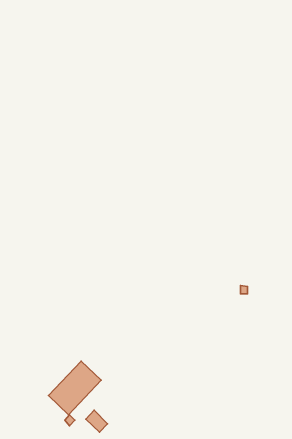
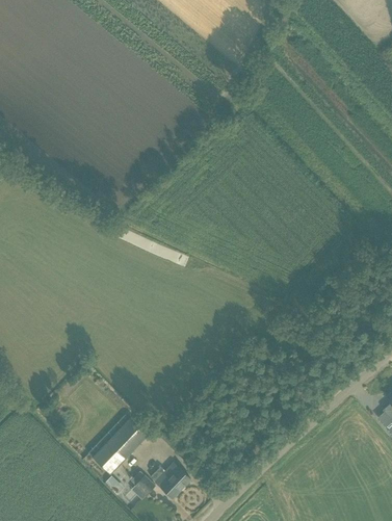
building: none -> [155,466,190,499]

